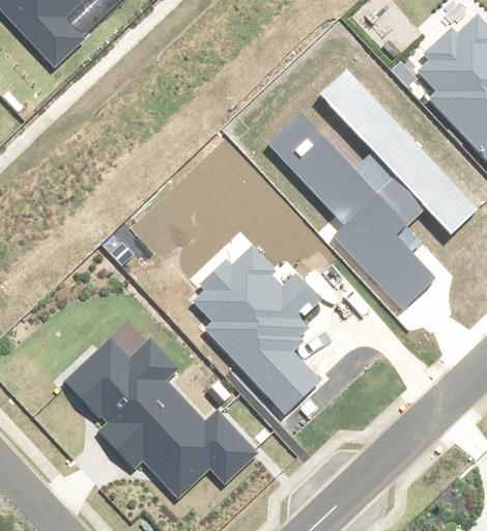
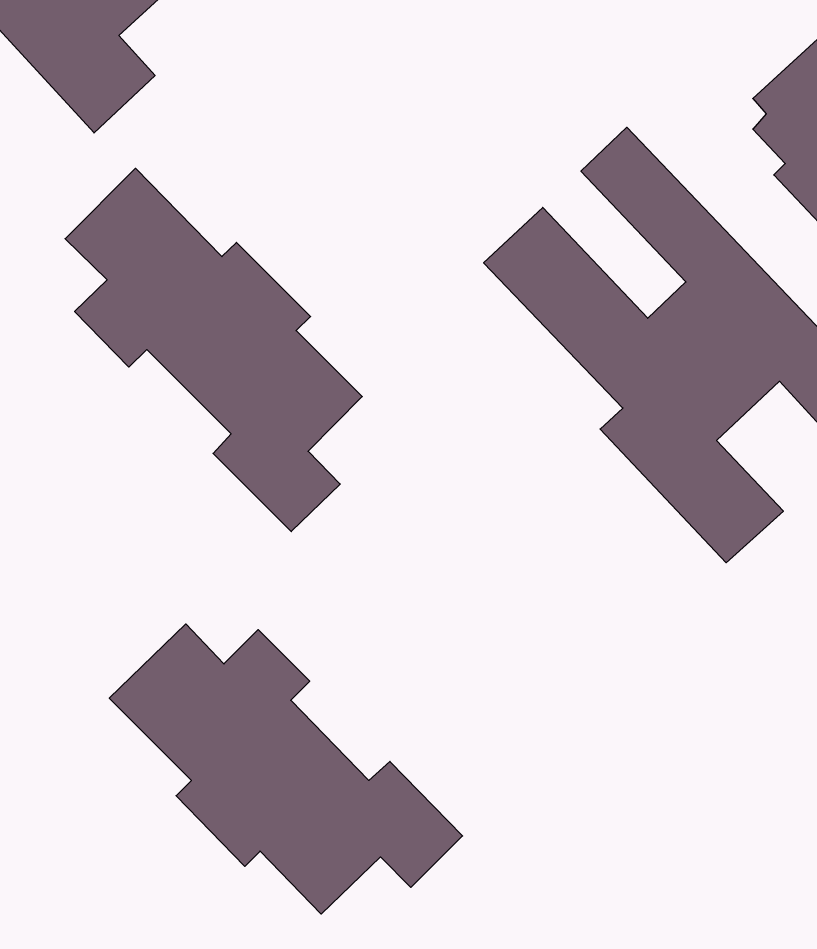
building: none -> [65,168,362,532]
building: [194,251,330,409] -> none

